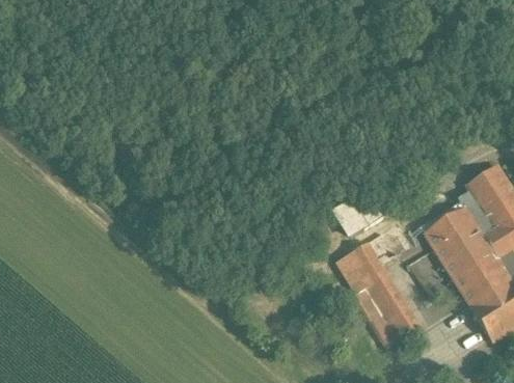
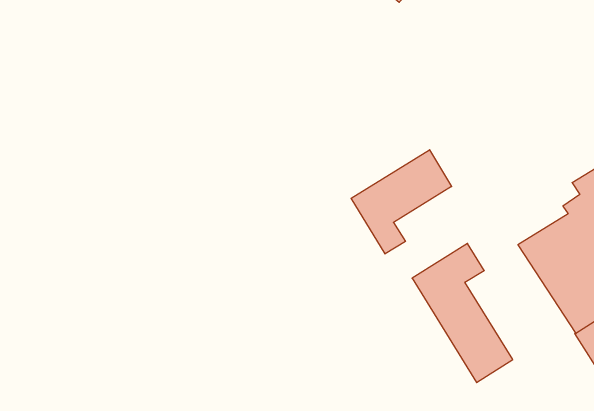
building: none -> [351,150,452,254]

